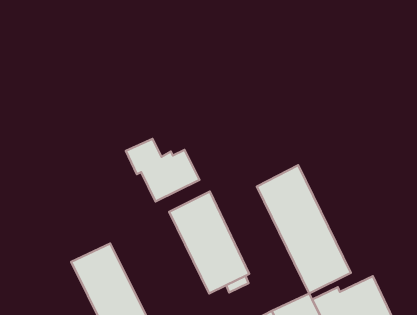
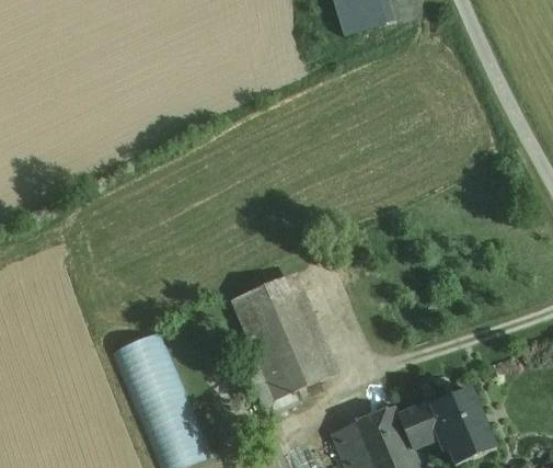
building: [126,139,199,201] -> none
building: [257,165,351,293] -> none

